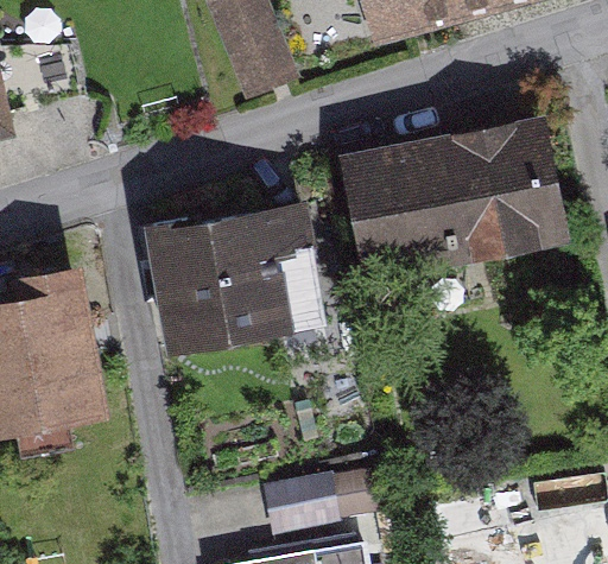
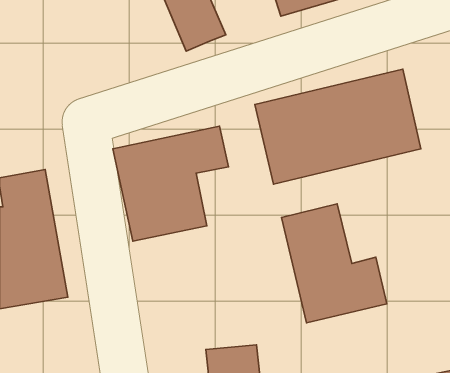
building: none -> [282,204,387,323]

